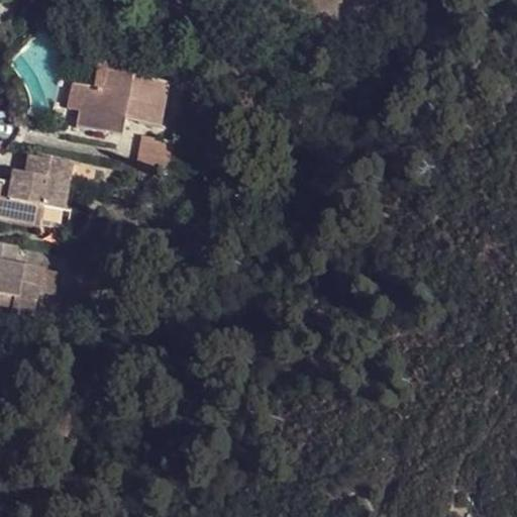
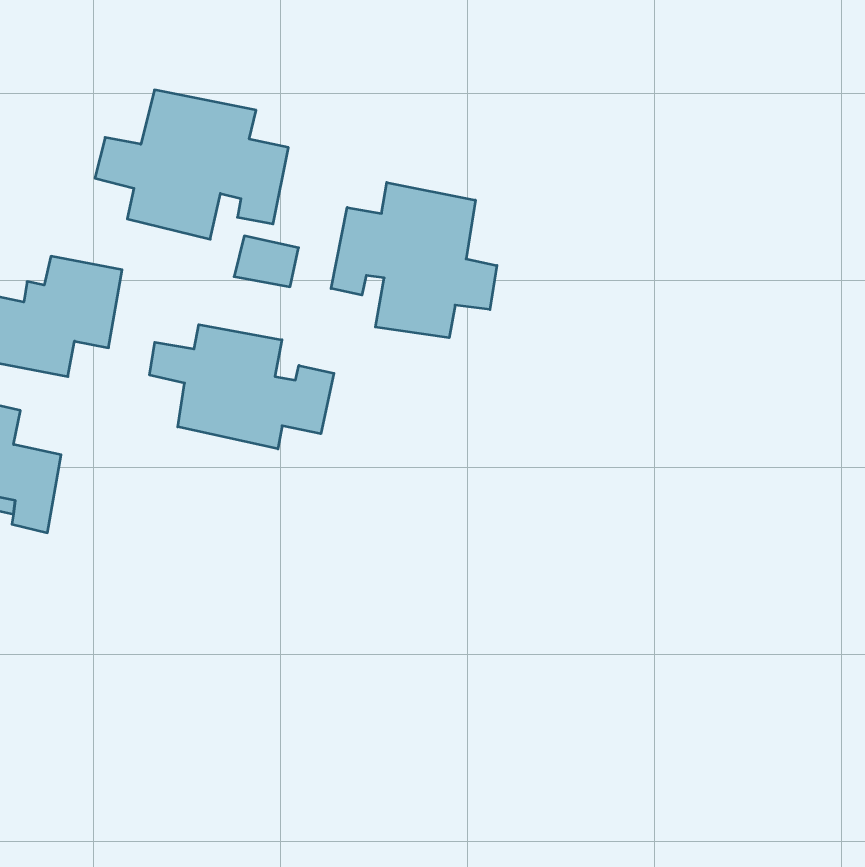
building: none -> [331,182,497,338]
building: none -> [150,325,334,449]

